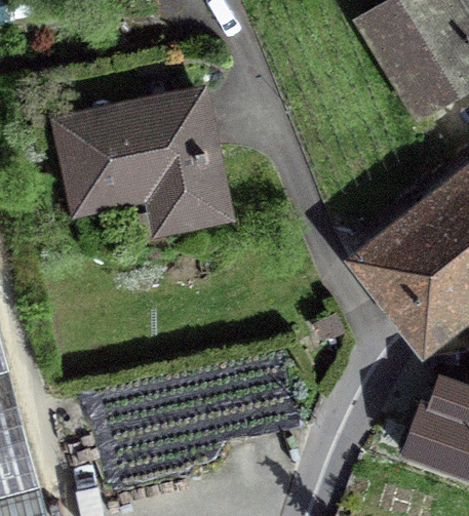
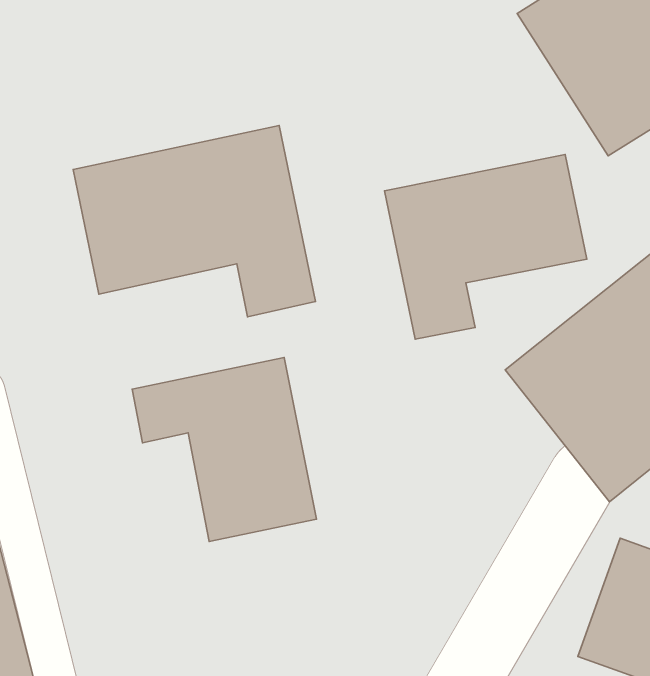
building: none -> [385,154,587,339]
building: none -> [132,357,317,541]

